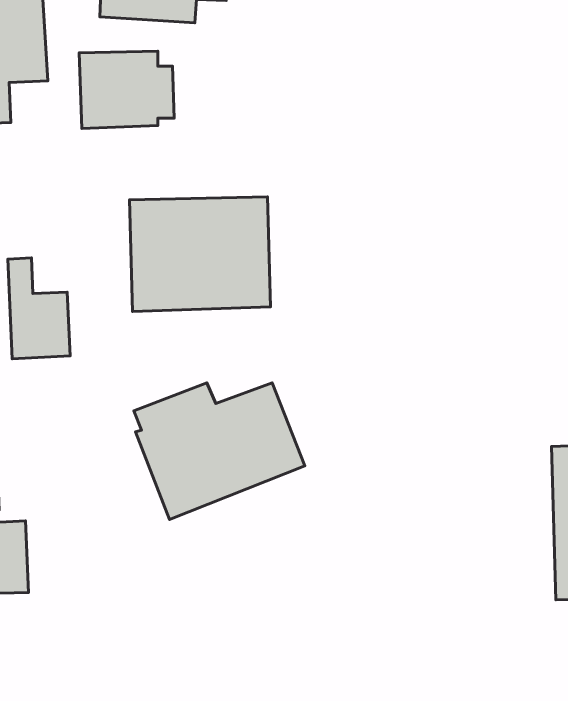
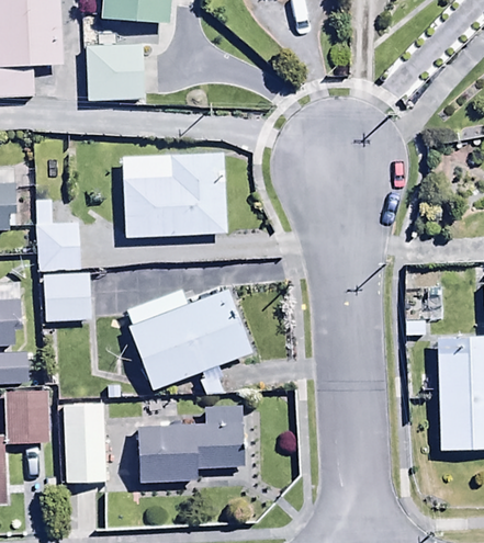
building: none -> [43,272,89,321]
building: none -> [63,401,106,483]
building: none -> [136,406,246,483]

